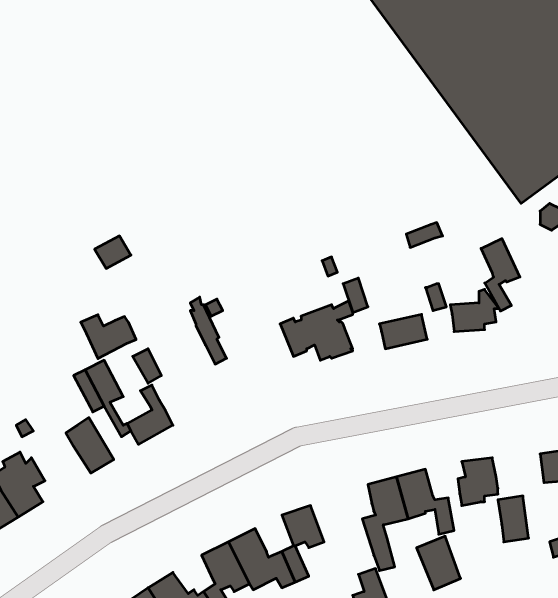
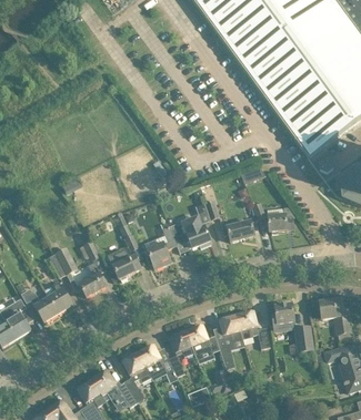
building: [481,239,520,311] -> none
building: [81,315,136,359] -> [109,254,141,279]
building: none -> [144,226,177,268]
building: none -> [21,288,59,321]
building: [417,536,461,590] -> [187,325,212,356]

